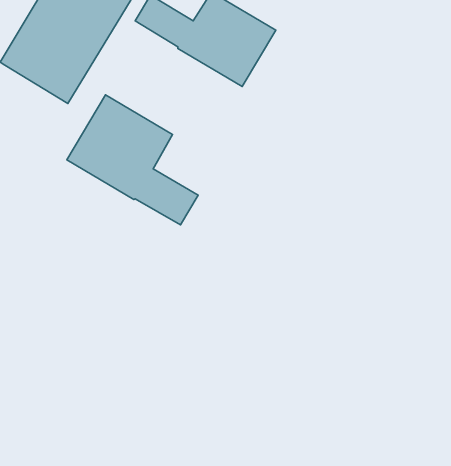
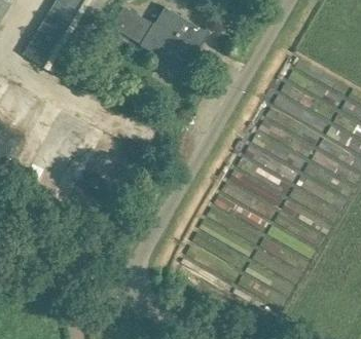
building: [67,95,198,225] -> none

